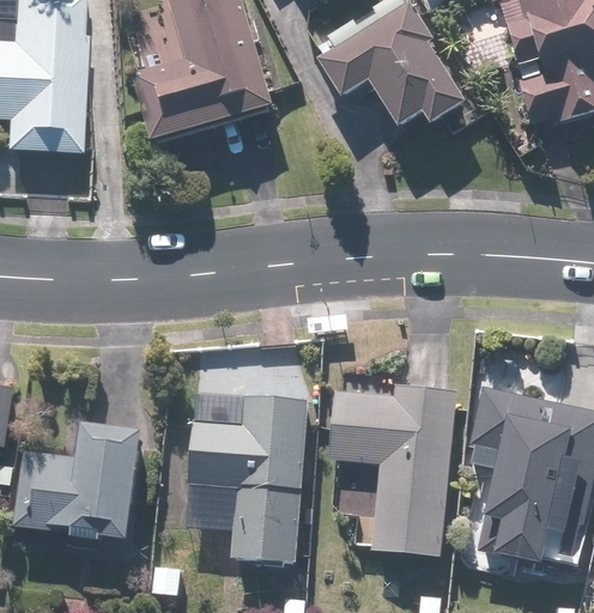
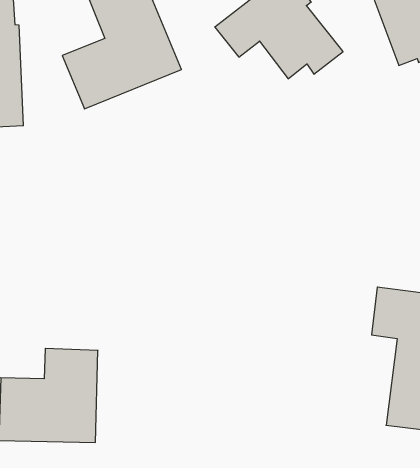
building: [326,383,454,556] -> none
building: [187,393,307,562] -> none

